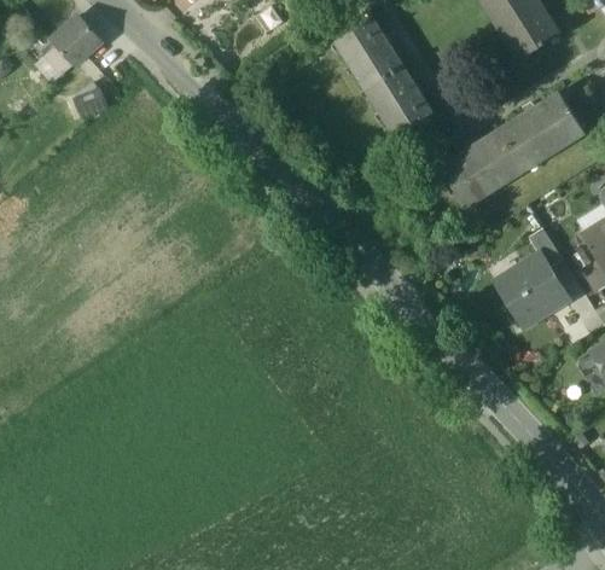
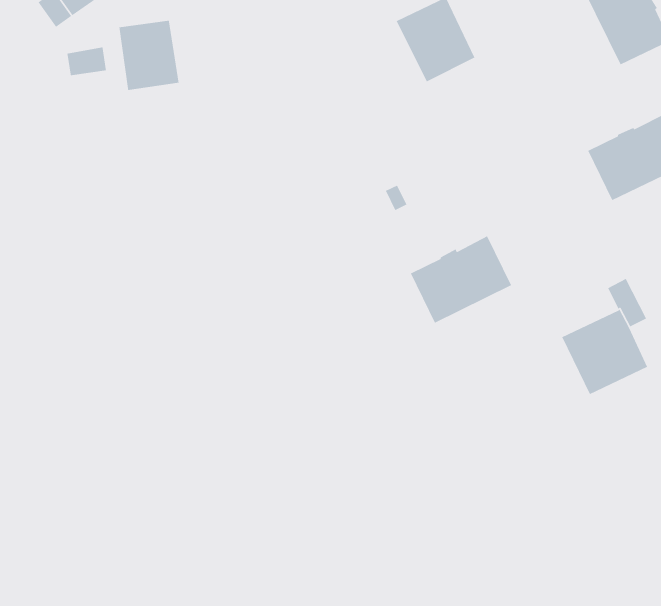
building: none -> [118,20,180,91]
building: [363,64,431,135] -> none
building: [440,129,523,205] -> [410,235,512,324]

